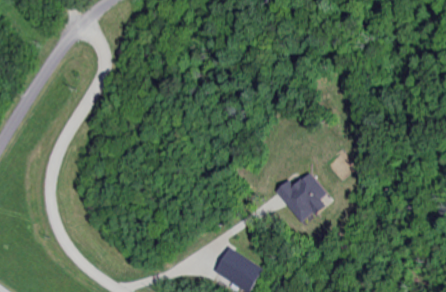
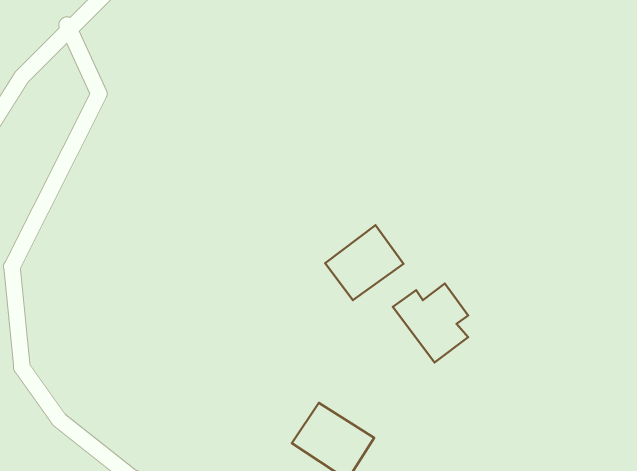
building: none -> [325,225,403,300]

